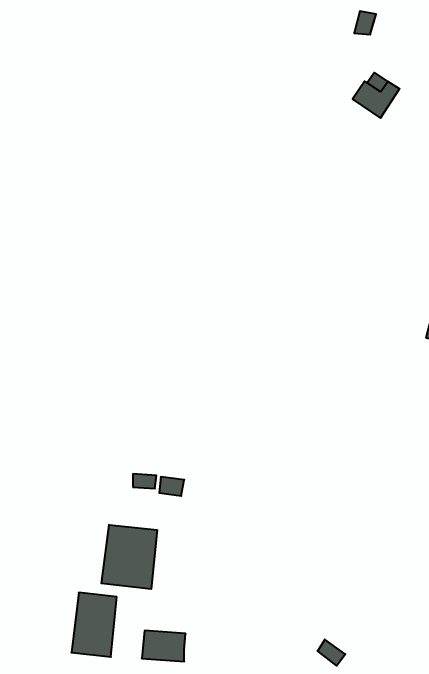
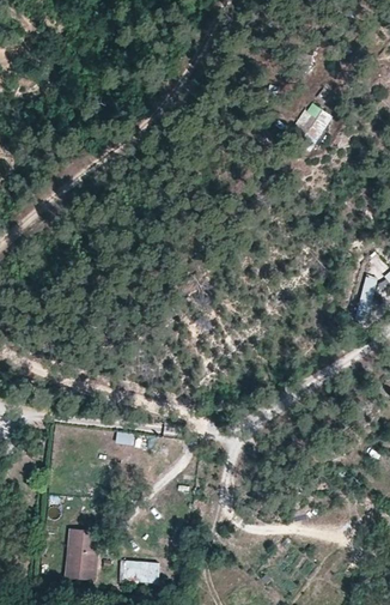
building: [101,525,157,589] -> none

